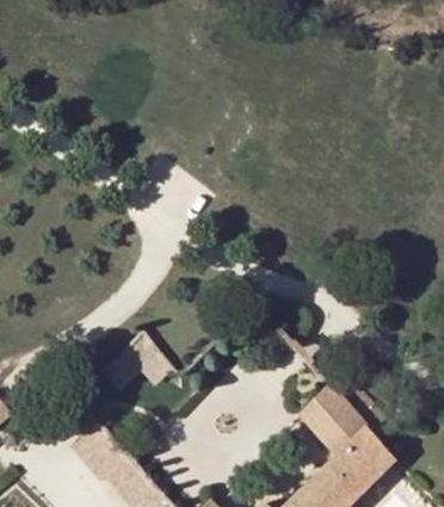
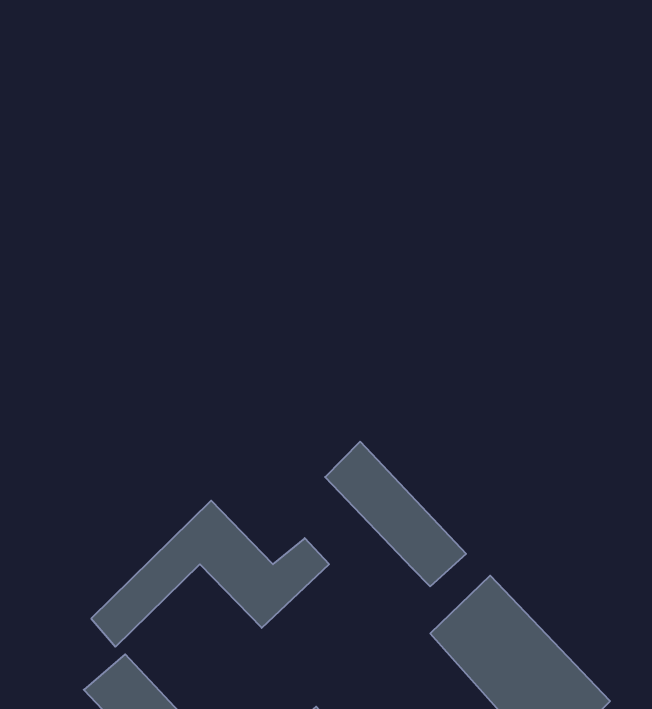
building: none -> [325,442,466,586]

